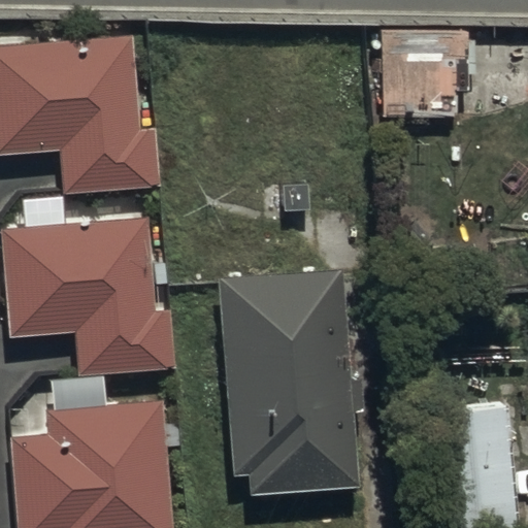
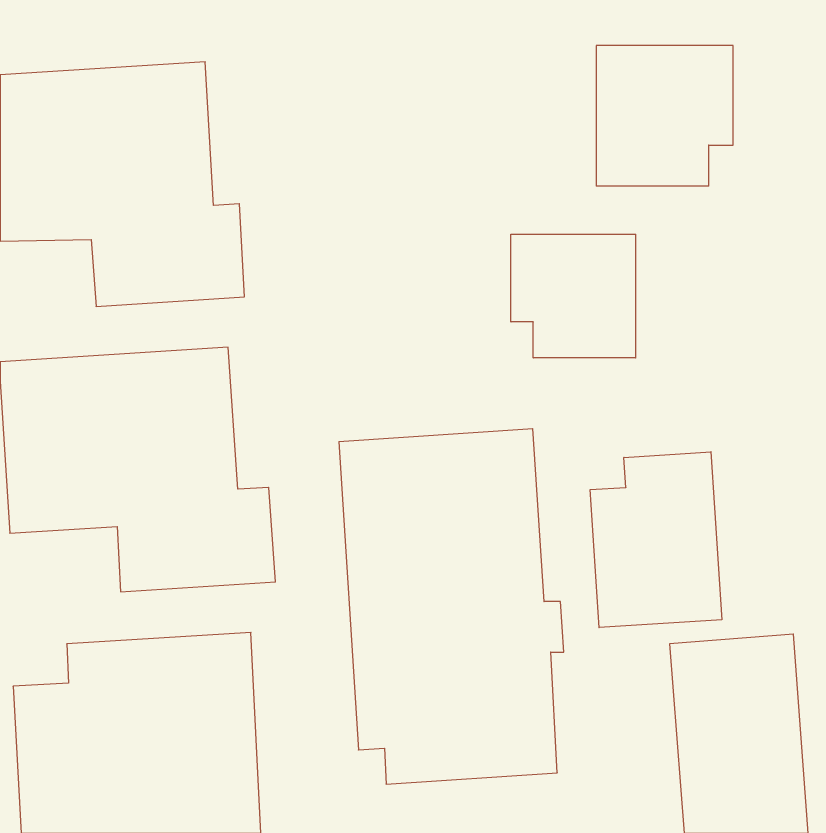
building: none -> [511,234,636,358]
building: none -> [590,452,722,628]

